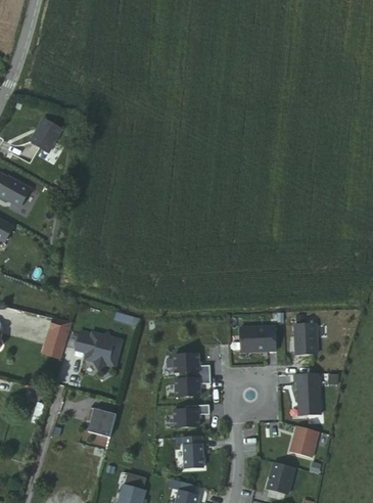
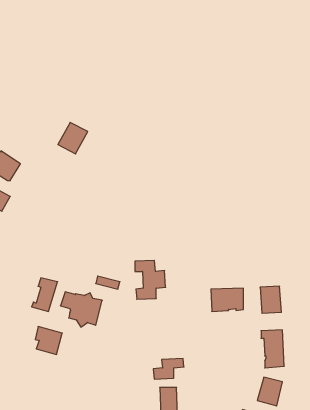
building: [29,119,61,153] -> [58,122,88,154]
building: [176,354,209,397] -> [135,260,166,299]
building: [85,407,114,438] -> [35,327,62,354]

